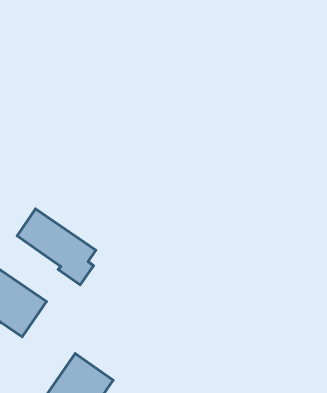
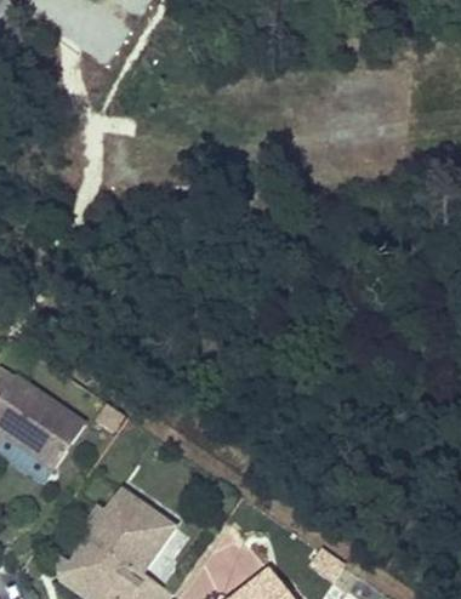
building: [17,209,96,285] -> none

